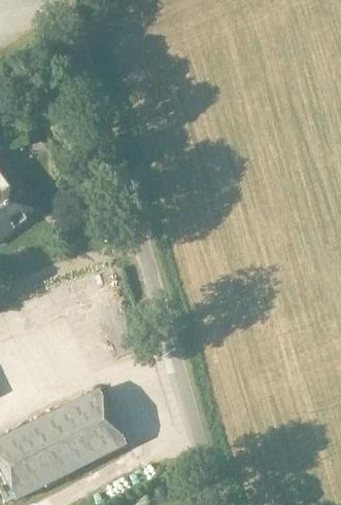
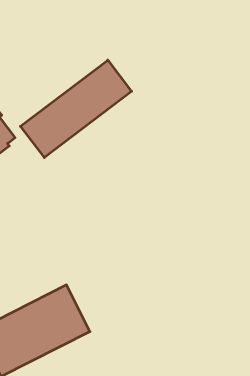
building: none -> [20,60,132,158]

